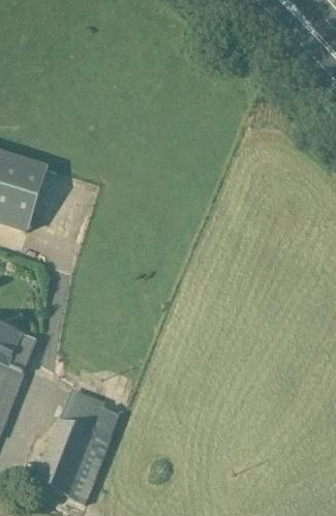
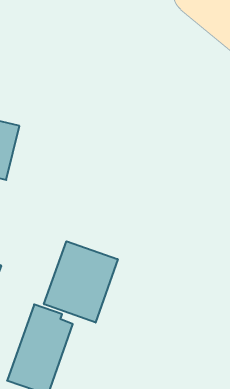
building: none -> [44,241,118,323]

